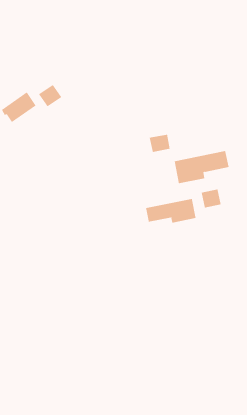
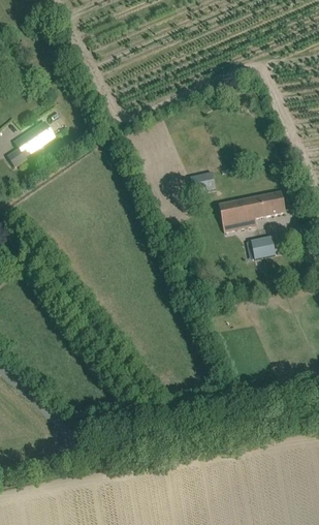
building: [38,84,62,107] -> none
building: [146,198,196,223] -> none

